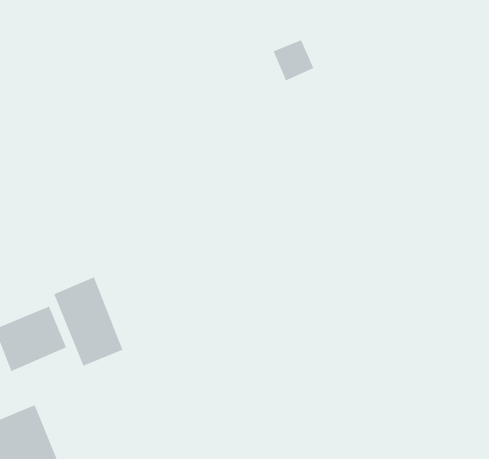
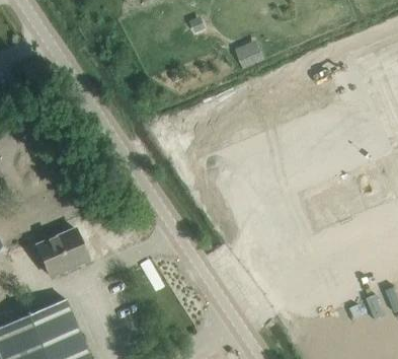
building: [53,277,123,366] -> none

